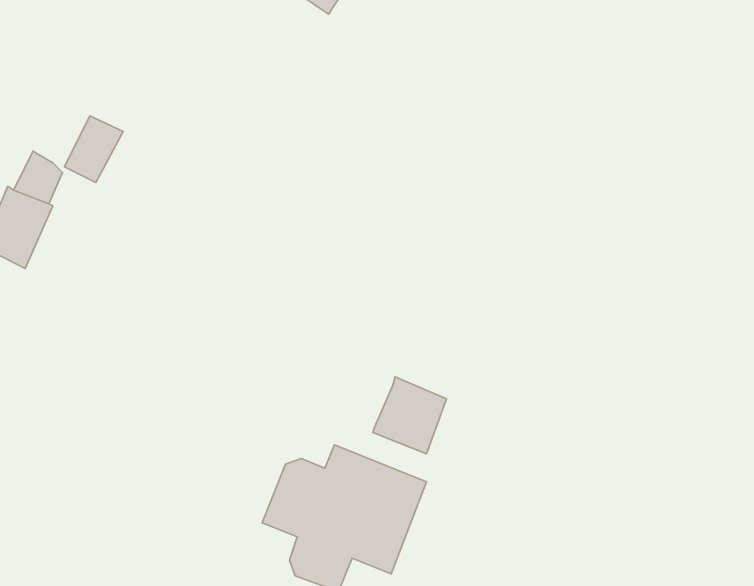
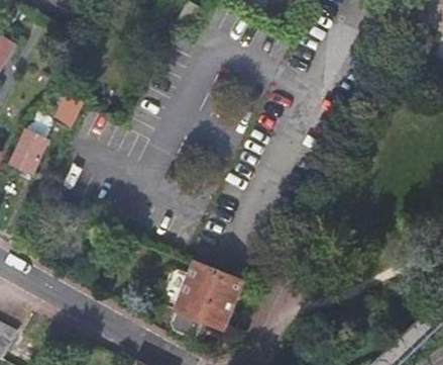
building: [373,377,446,454] -> none

